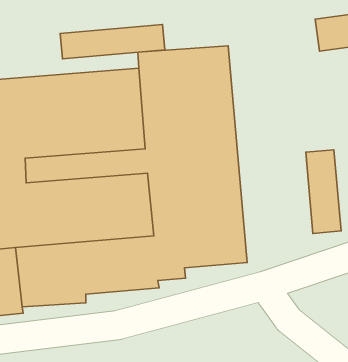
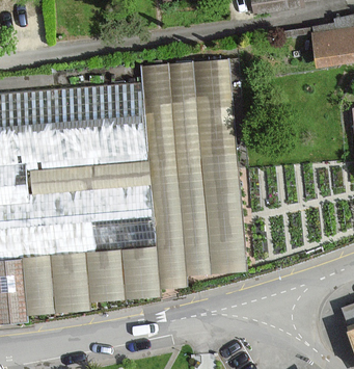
building: [60,24,165,59] -> none
building: [306,150,341,233] -> none

